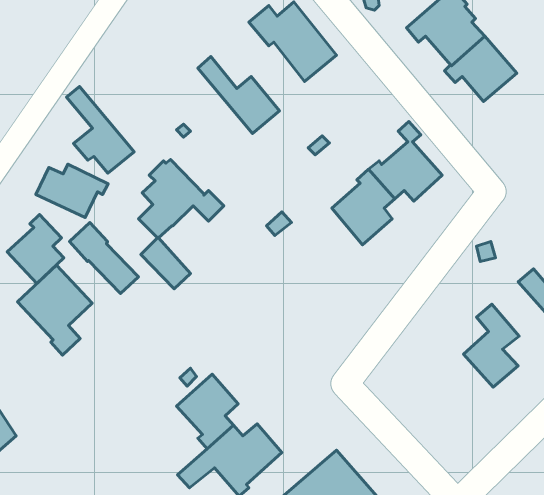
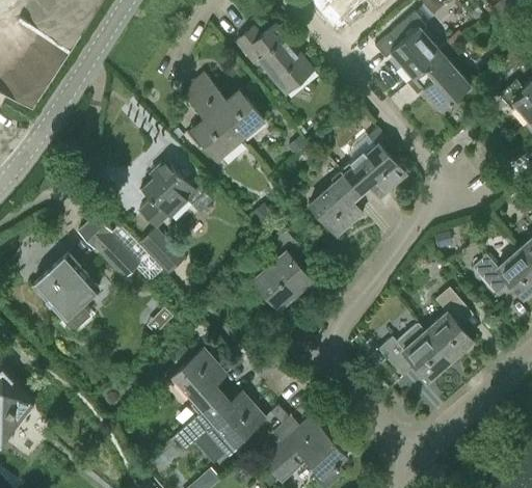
building: [66,87,134,173] -> [180,82,239,158]
building: [36,164,108,218] -> none
building: [7,215,64,284] -> none
building: none -> [254,229,313,309]
building: none -> [377,325,450,381]

